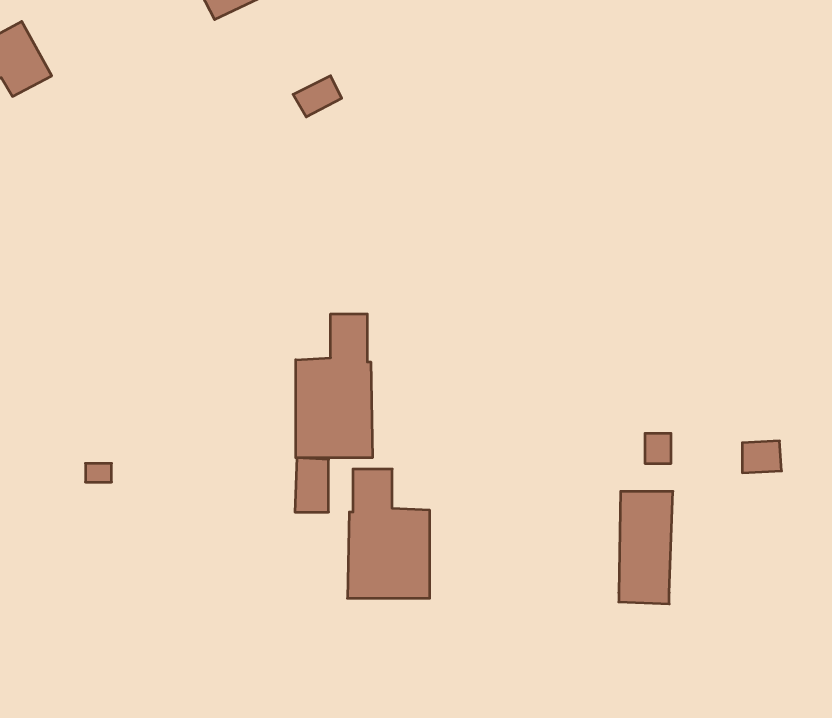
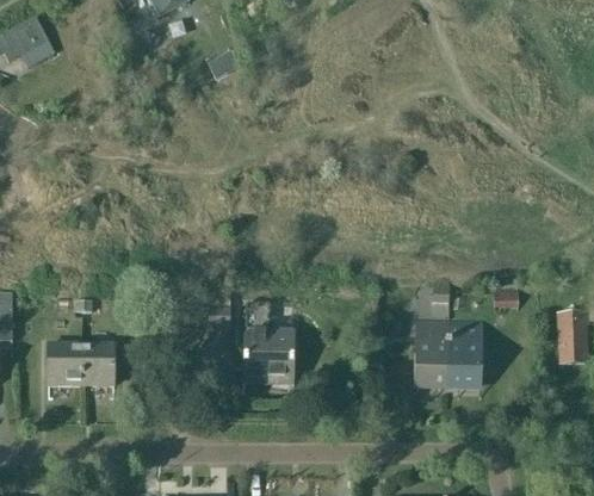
building: [296,314,372,458] -> none
building: none -> [446,318,481,391]
building: none -> [47,345,113,386]

